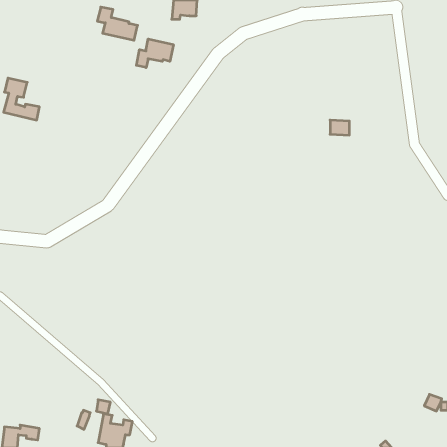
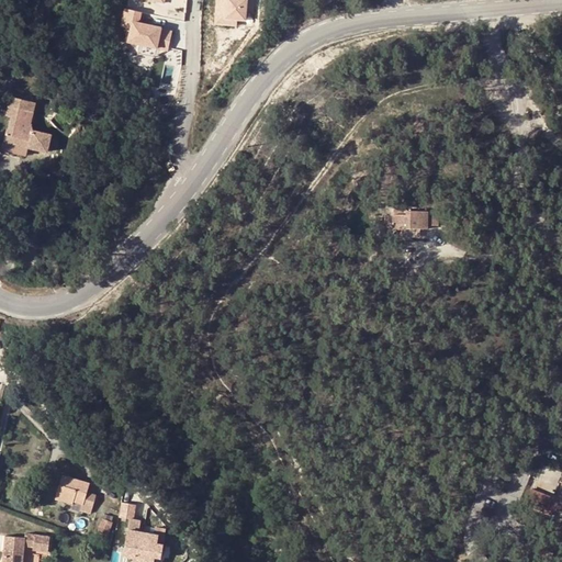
building: [136,39,173,68] -> none
building: [330,120,349,135] -> [398,213,423,232]
building: none -> [57,476,95,513]

